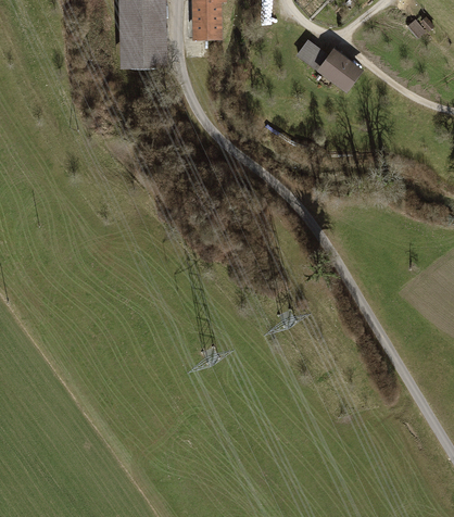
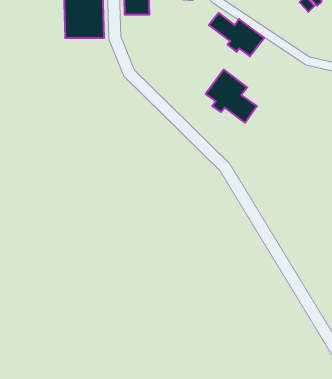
building: none -> [206,70,257,123]

